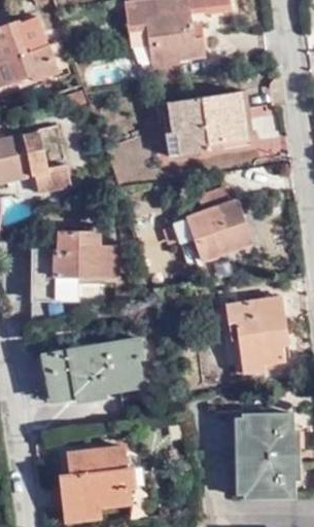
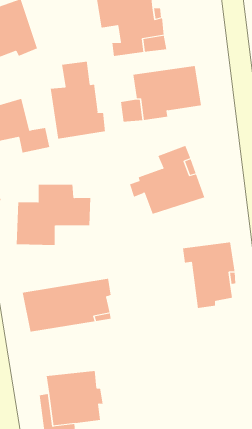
building: none -> [50,61,105,140]
building: [242,413,294,498] -> none

